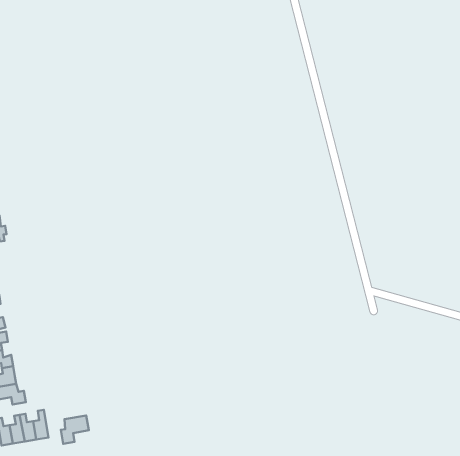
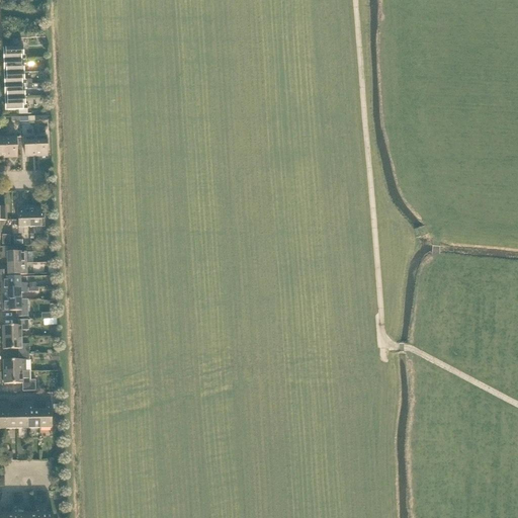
building: [61,415,89,444] -> none

